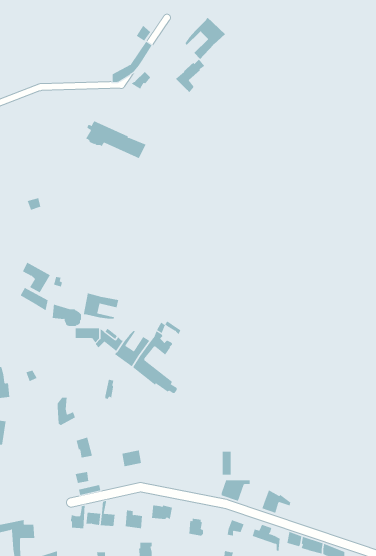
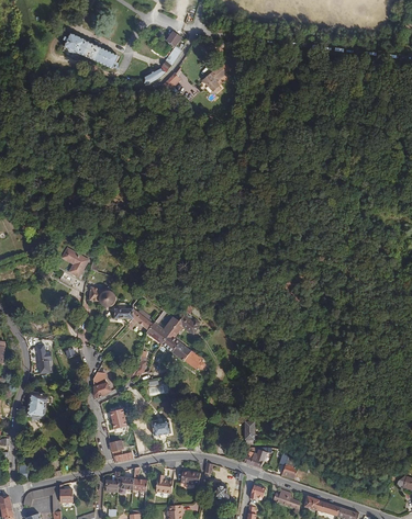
building: [185,17,226,60] -> none
building: [85,121,146,159] -> [63,33,119,68]
building: [83,292,119,319] -> none

